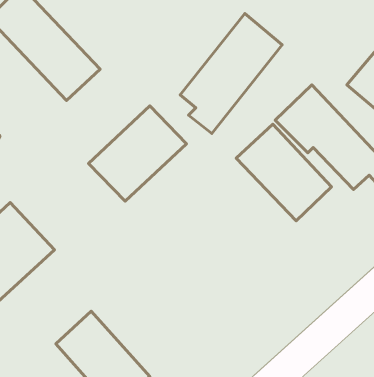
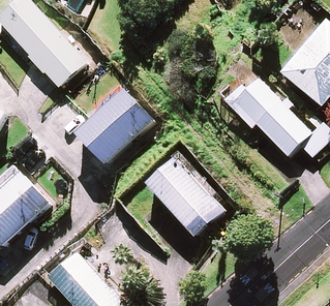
building: [180,14,282,133] -> none
building: [236,124,331,221] -> [147,158,222,235]

